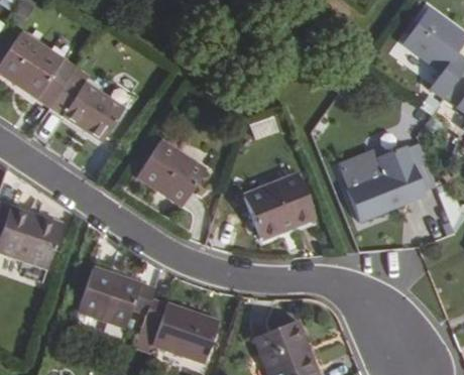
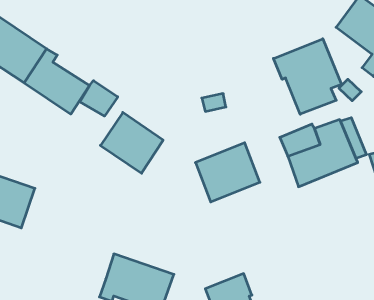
building: none -> [273,39,342,114]
building: none -> [80,81,118,116]
building: [78,266,155,327] -> none

